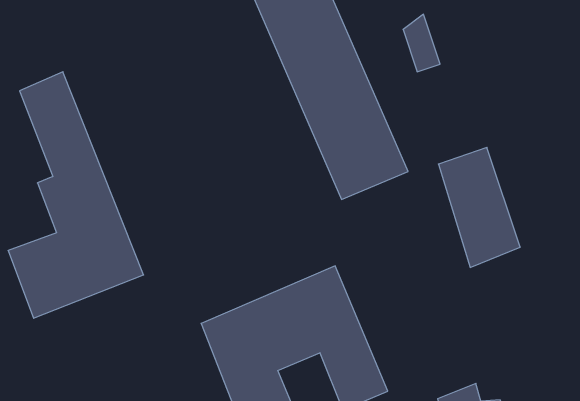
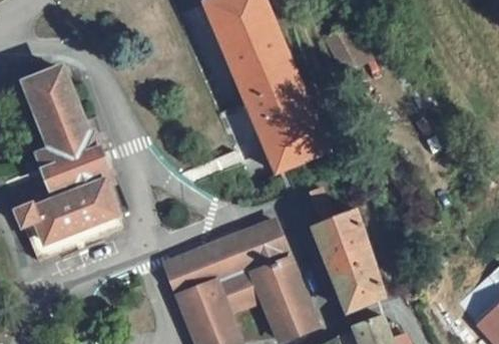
building: [438,147,520,267] -> [319,212,383,306]

